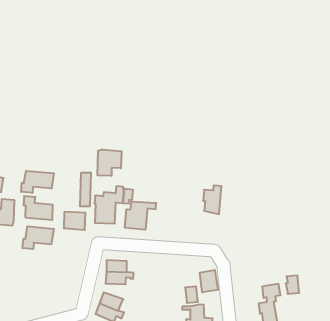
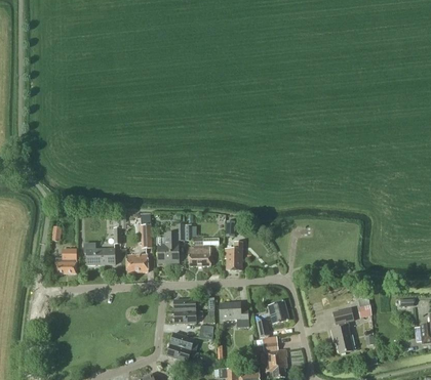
building: [98,149,121,176] -> none
building: [21,171,54,193] -> none
building: [203,185,222,214] -> [225,242,242,270]
building: [23,226,54,249] -> none
building: none -> [220,302,248,327]

